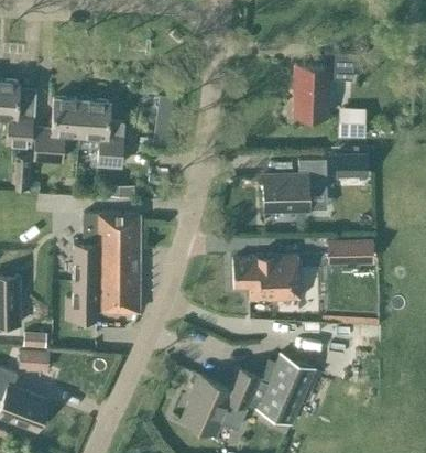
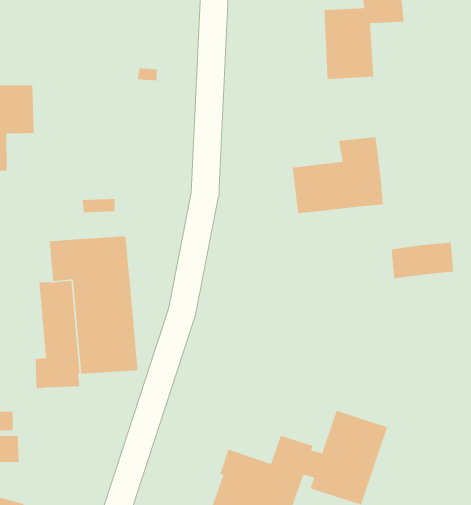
building: [80,100,124,165] -> none
building: [339,108,365,137] -> none
building: [336,152,368,177] -> none
building: [233,256,301,301] -> none

